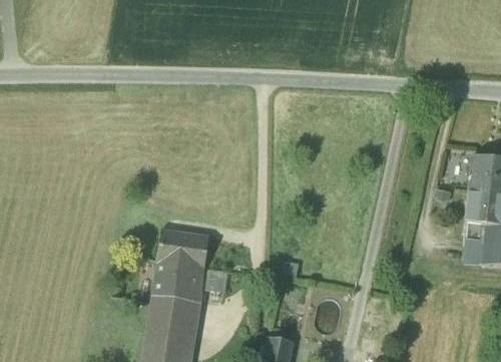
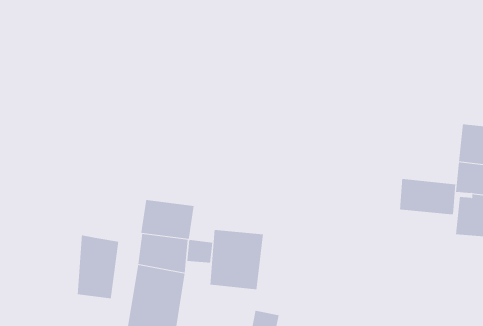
building: none -> [400,178,456,215]
building: none -> [210,229,264,290]
building: none -> [77,235,119,299]

